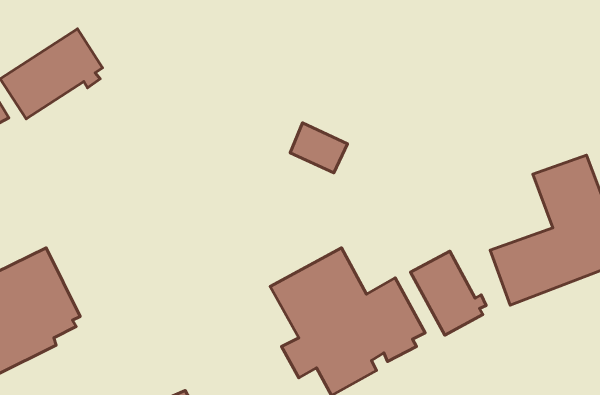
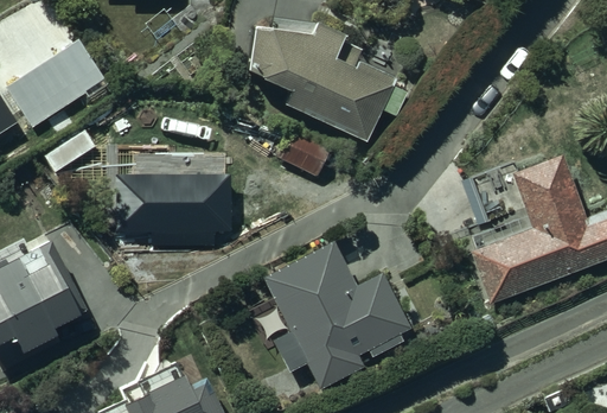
building: none -> [248,23,404,141]
building: none -> [115,146,231,239]
building: [411,251,486,335] -> none

